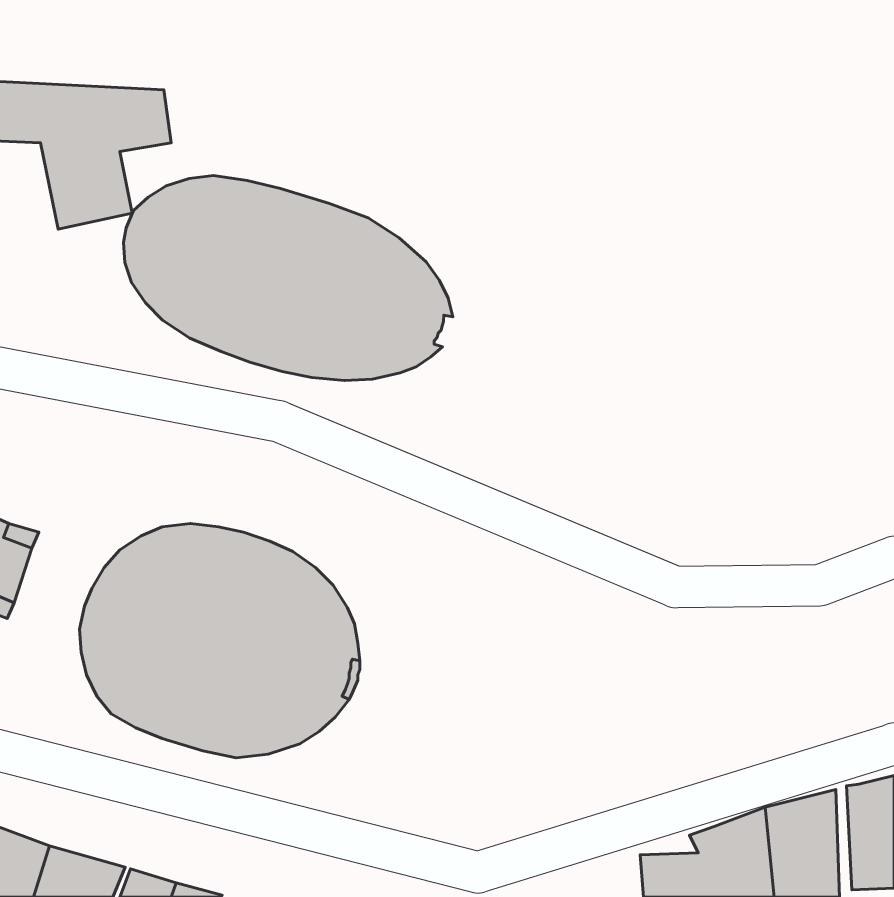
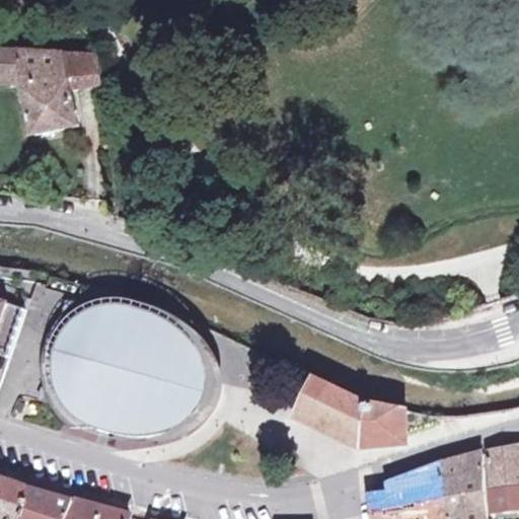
building: [124,176,453,380] -> none
building: none -> [297,379,395,440]

